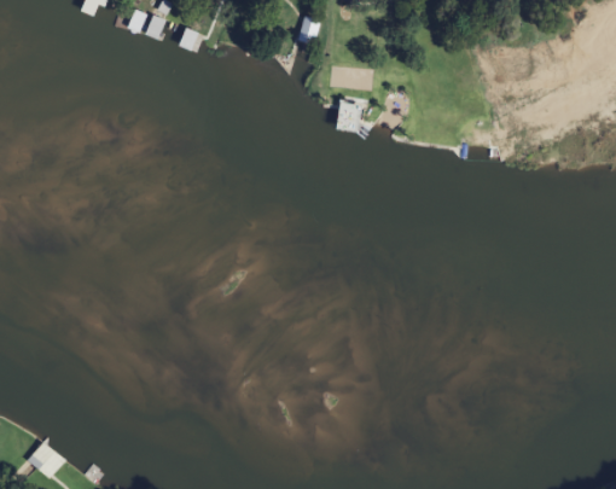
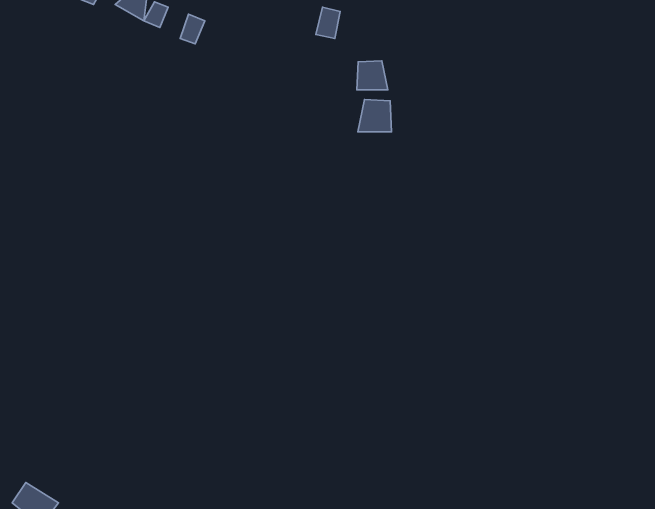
building: none -> [357,61,388,90]

